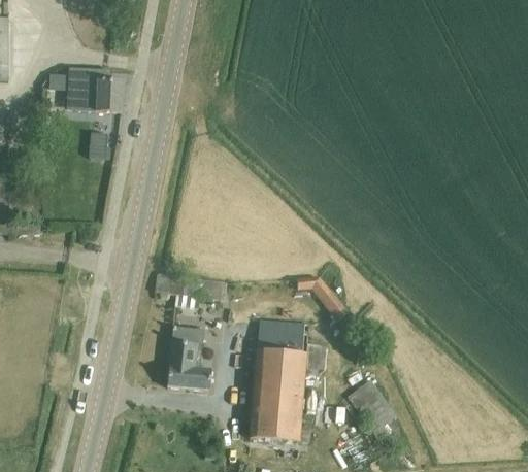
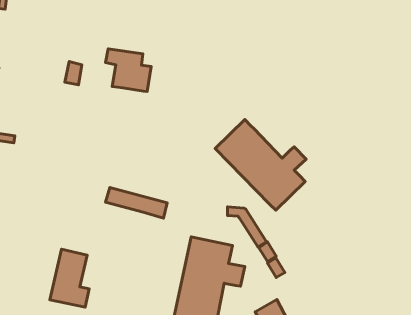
building: [68,67,122,111] -> [106,49,151,92]
building: none -> [215,120,306,210]
building: [165,325,209,389] -> [50,249,89,307]

